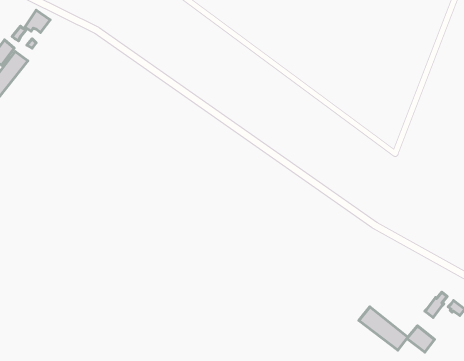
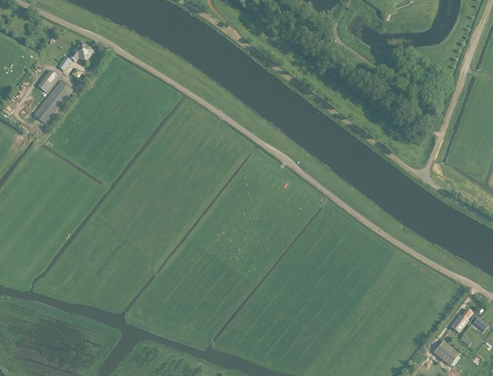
building: [359,307,408,350] -> none

